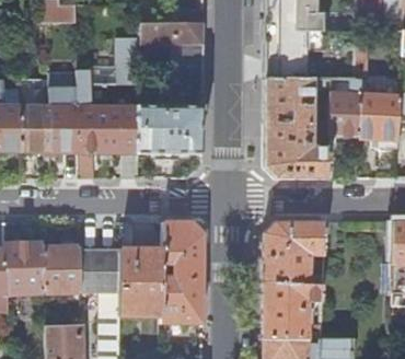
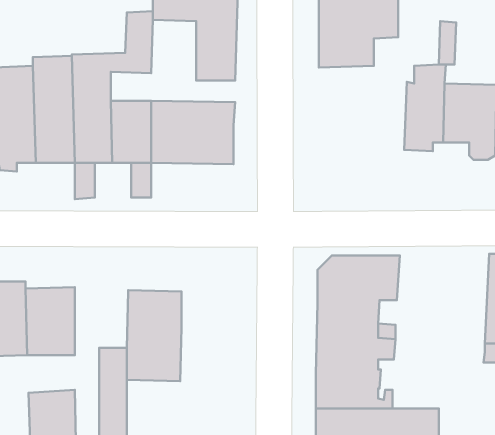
building: [265,79,329,178] -> none
building: [160,222,202,324] -> none
building: [80,250,120,292] -> none

